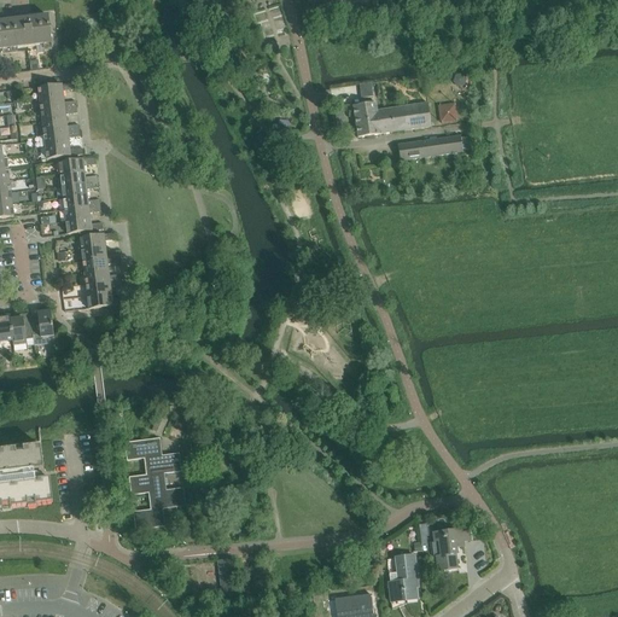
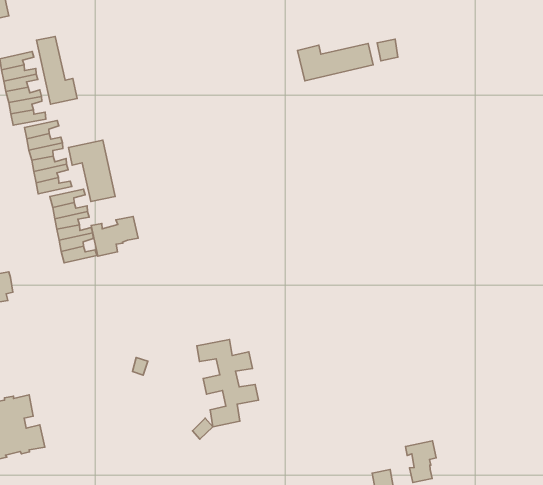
building: none -> [36,36,77,104]
building: [396,134,472,159] -> none
building: none -> [69,140,115,202]
building: none -> [91,217,138,256]
building: [29,308,53,343] -> none
building: [123,437,183,528] -> [197,340,259,427]

